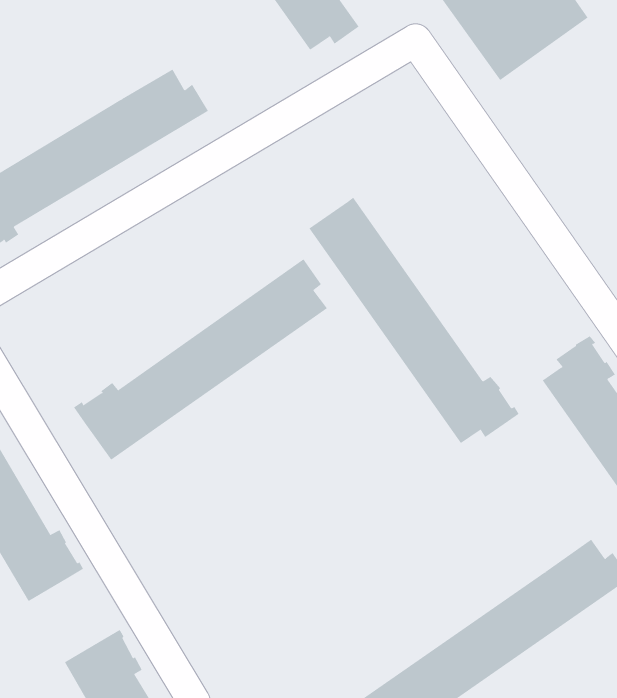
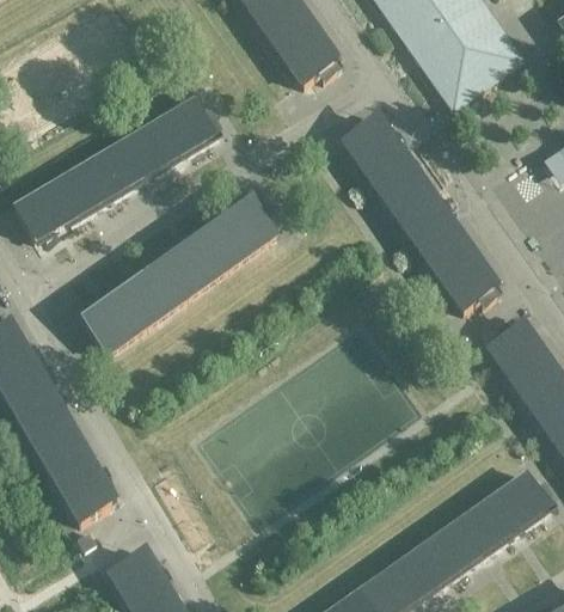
building: [308,197,519,444] -> [341,114,508,310]
building: [73,258,328,460] -> [75,192,277,353]

